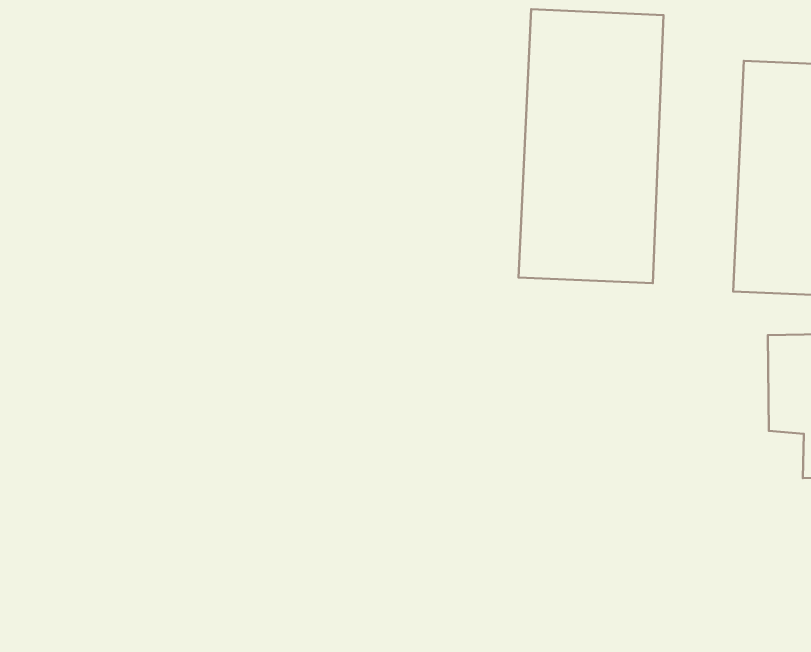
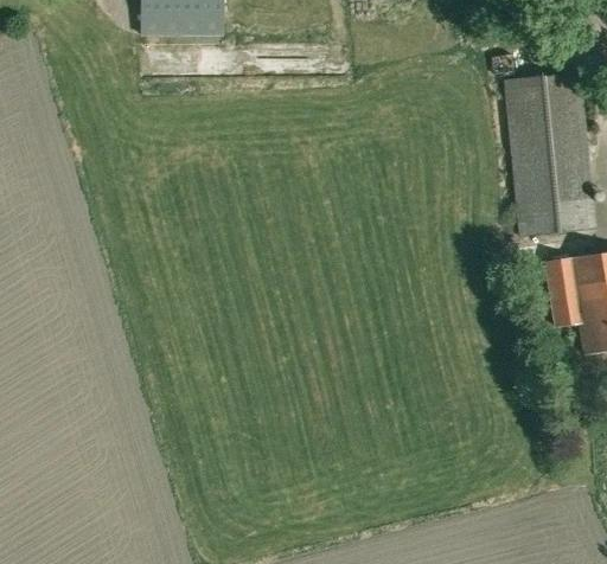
building: [519,9,663,283] -> none

